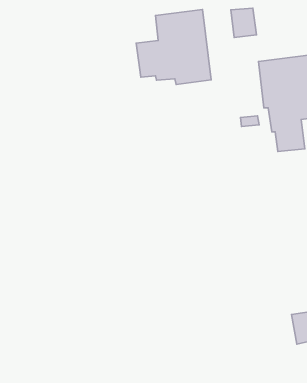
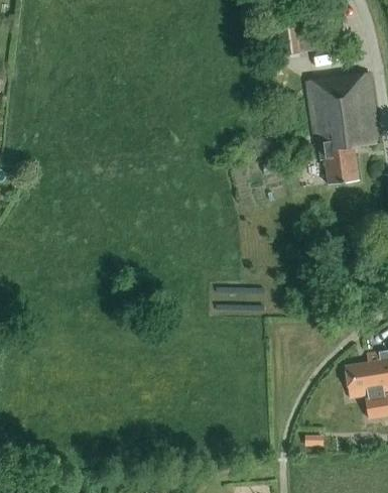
building: [136,9,211,84] -> none

